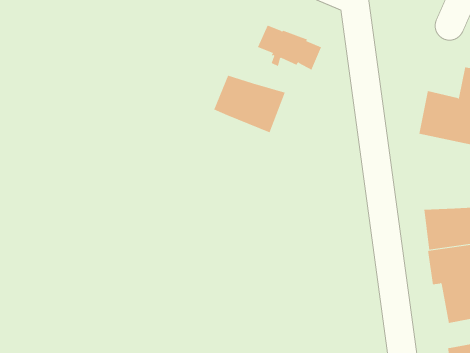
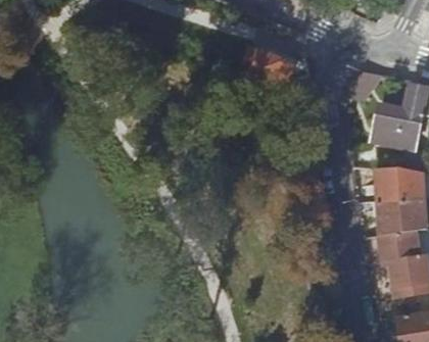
building: [214,75,285,133] -> none
building: none -> [371,168,401,202]

